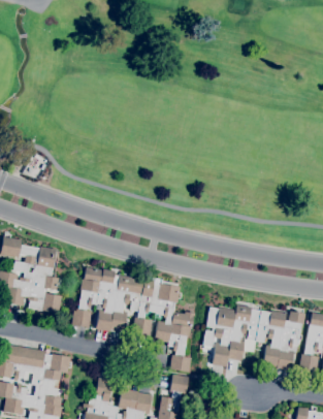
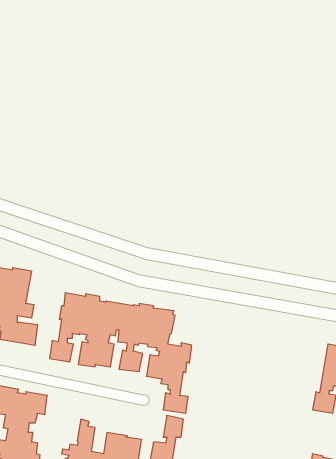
building: [203,304,306,370] -> none

